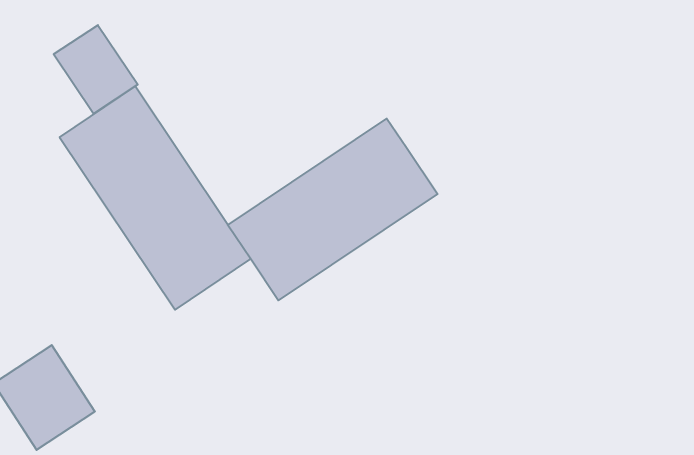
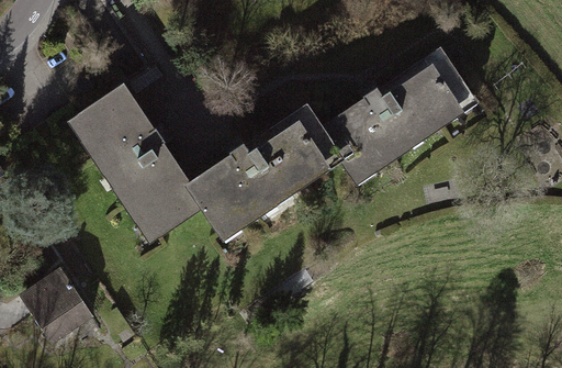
building: [54,25,138,114] -> none
building: none -> [315,47,474,183]

